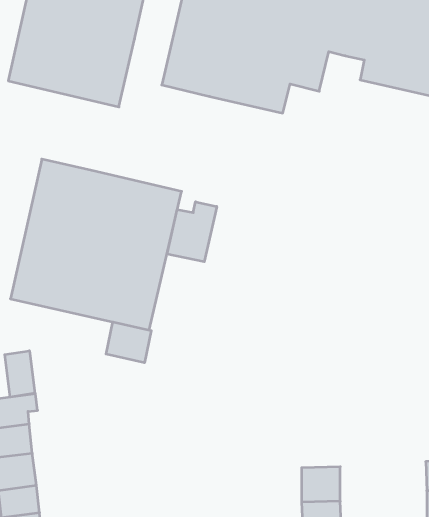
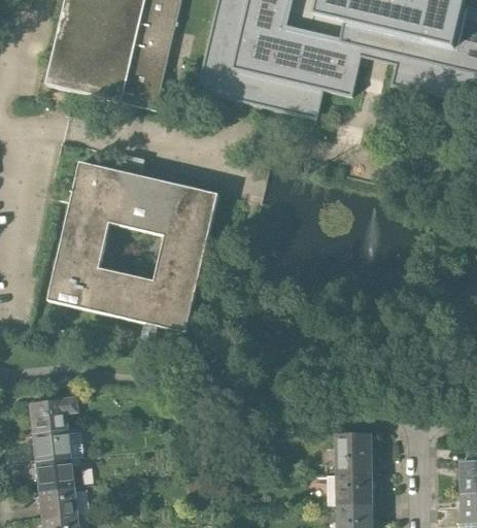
building: [167,202,217,262] -> none
building: [106,322,151,363] -> none
building: [5,351,35,397] -> none
building: none -> [335,431,374,466]

